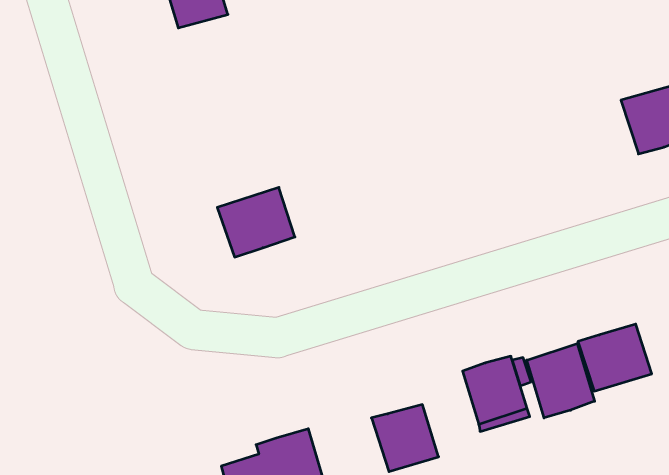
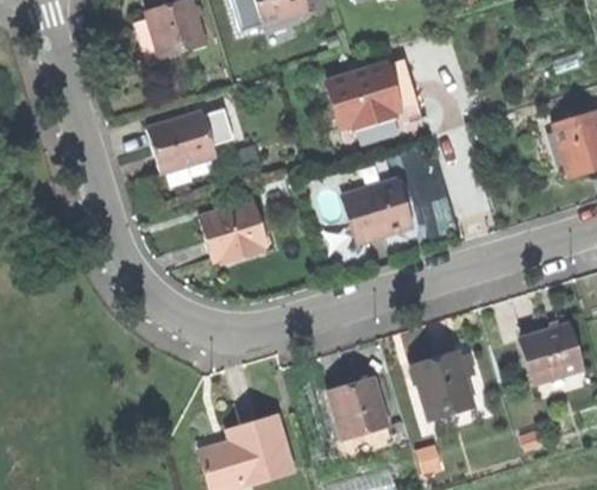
building: none -> [327,59,419,128]
building: none -> [146,111,215,171]
building: none -> [347,180,413,240]
building: [527,343,595,418] -> none

